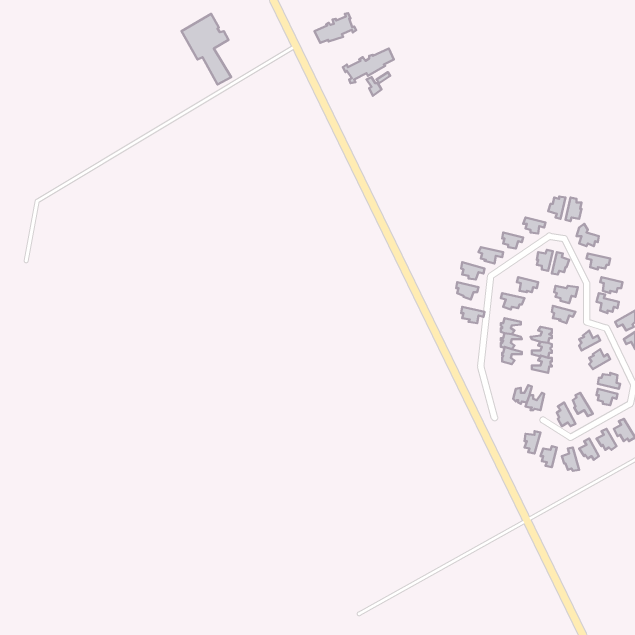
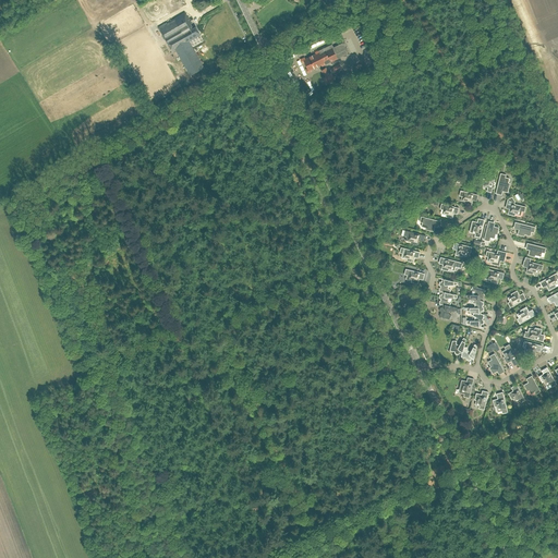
building: [315,13,356,43] -> none

